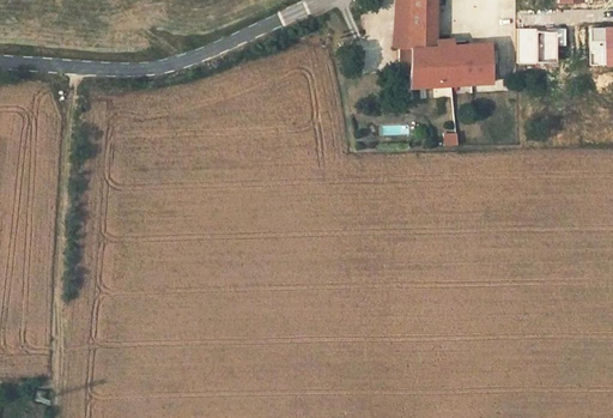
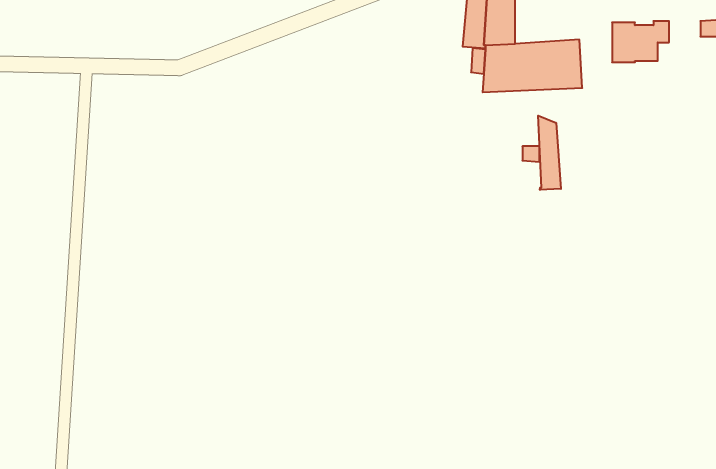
building: none -> [538,116,561,190]

